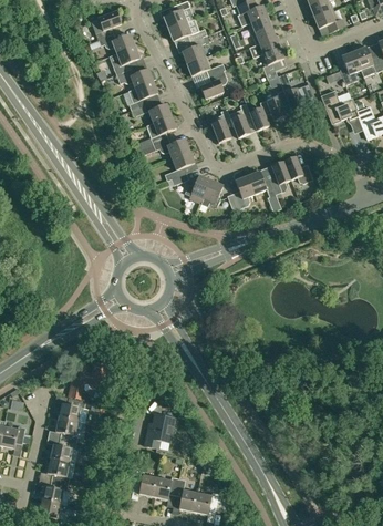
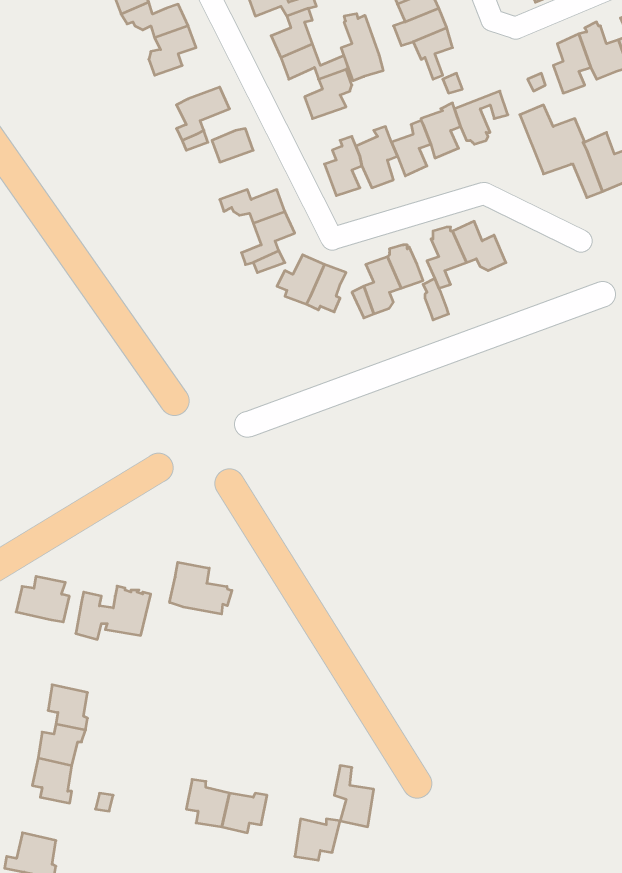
building: none -> [341,14,383,81]
building: [116,69,156,87] -> none
building: [147,116,176,144] -> none
building: none -> [170,562,232,614]
building: [59,396,89,422] -> [16,576,69,622]
building: [145,414,176,448] -> none
building: [176,478,198,513] -> [334,766,374,827]
building: [42,479,70,505] -> none

